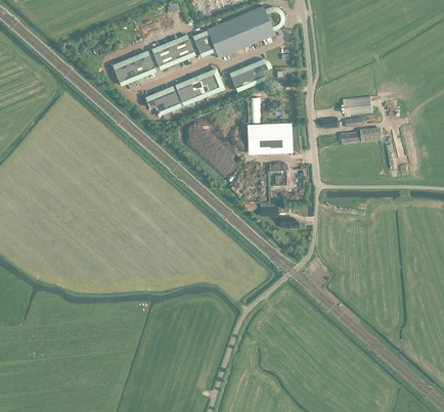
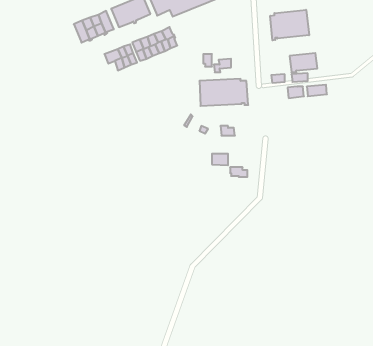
building: none -> [270,10,309,40]
building: [229,58,270,90] -> none

